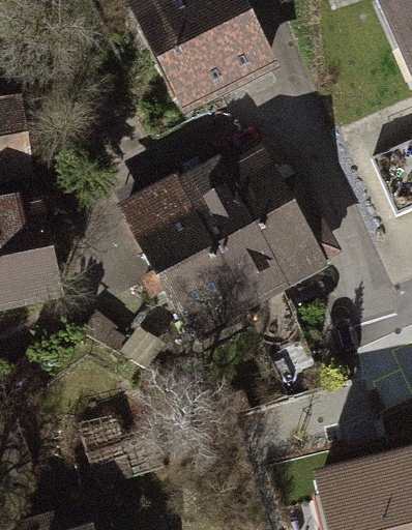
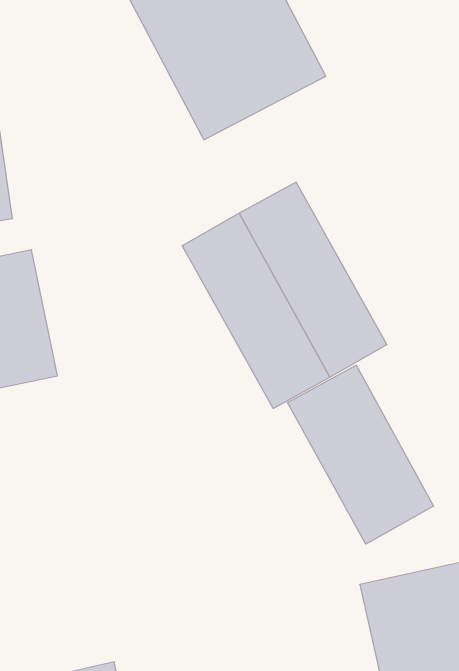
building: [124,193,237,341] -> none
building: none -> [287,365,433,544]

